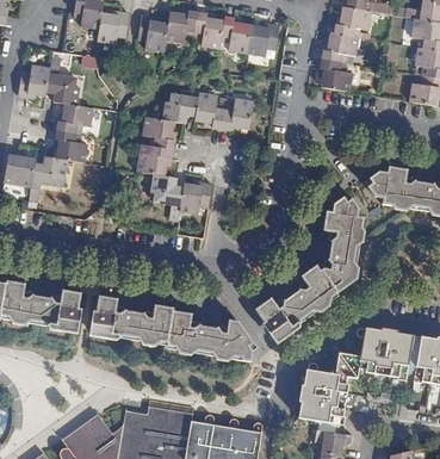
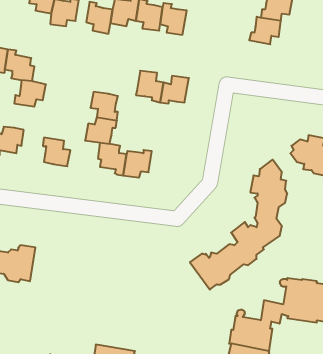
building: [246,24,278,55] -> none
building: [320,57,351,91] -> none
building: [162,89,198,122] -> none
building: [55,129,86,161] -> [43,138,70,166]
building: [92,294,256,360] -> none

